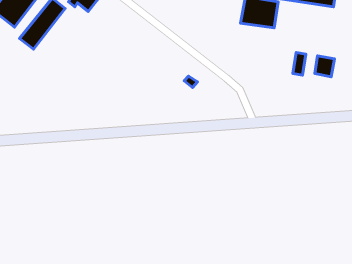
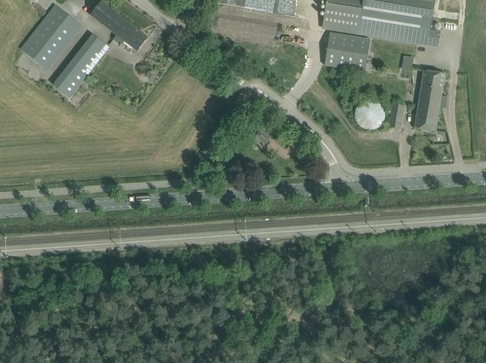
building: none -> [417,68,444,108]
building: none -> [353,98,387,128]

